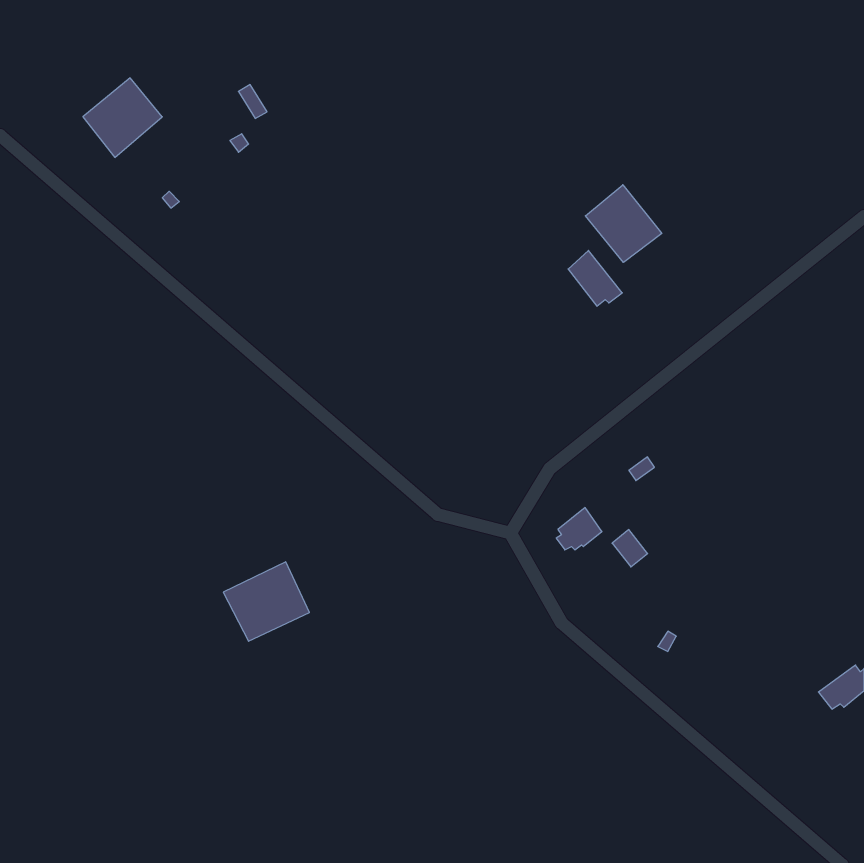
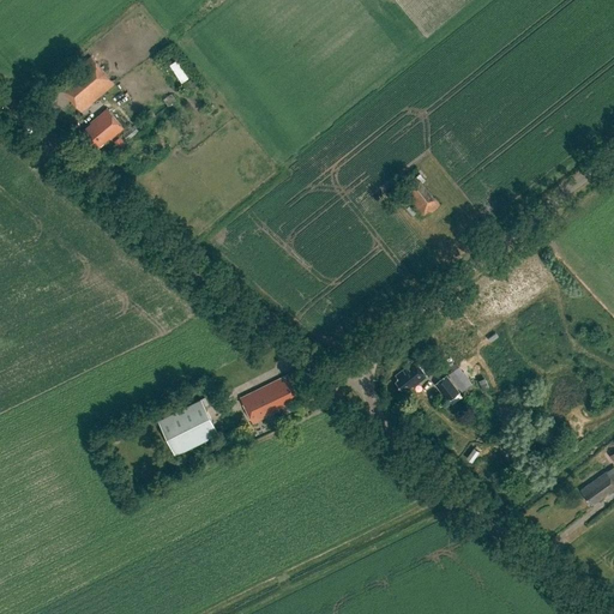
building: none -> [84,108,125,148]
building: [585,185,662,262] -> none
building: none -> [241,375,299,423]

